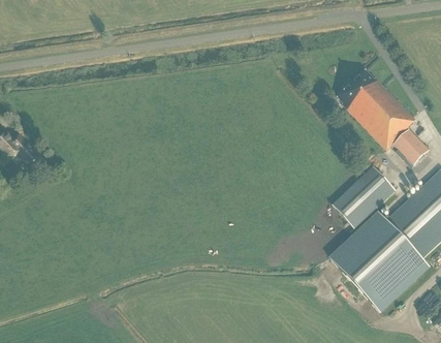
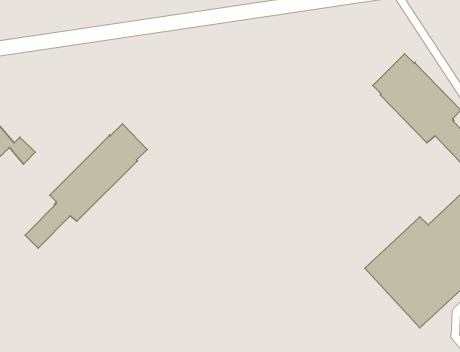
building: none -> [25,124,147,248]
building: [332,167,395,228] -> none

